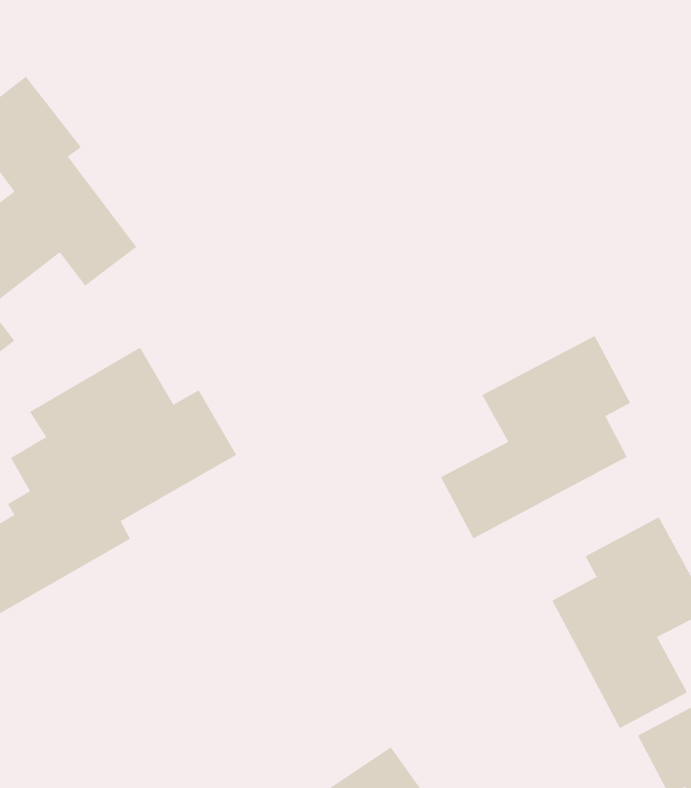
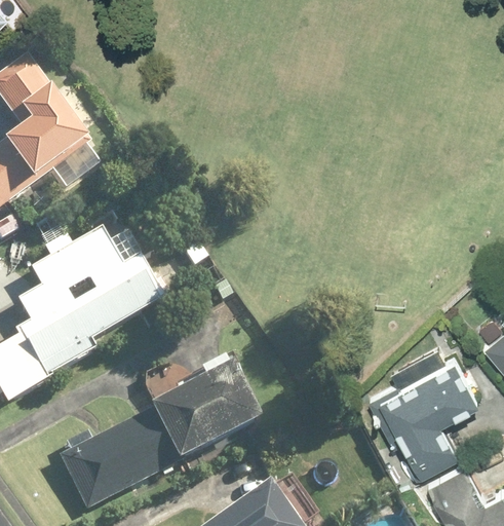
building: [440,335,631,539] -> none
building: none -> [59,366,258,506]

